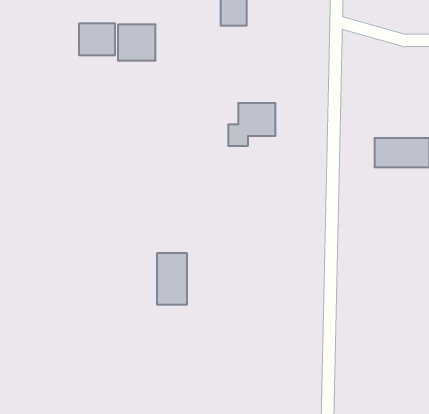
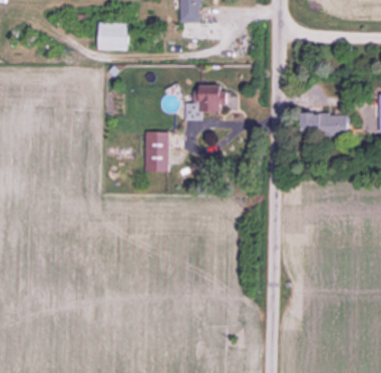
building: [79,23,115,55] -> none
building: [157,253,187,305] -> [143,131,167,172]

